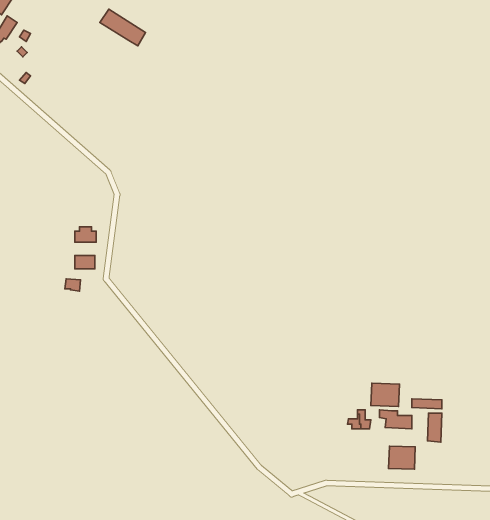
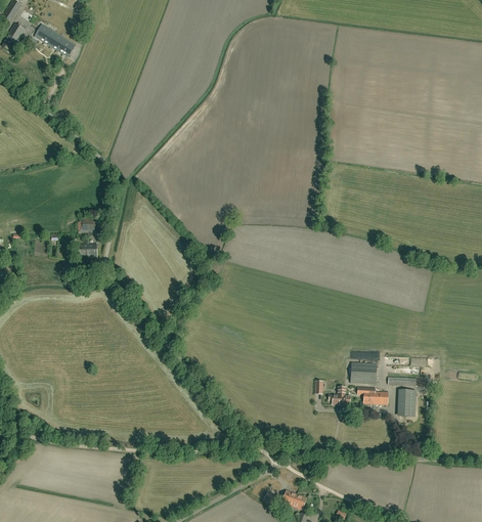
building: [100,9,146,46] -> [34,24,76,57]
building: [388,446,415,469] -> none

